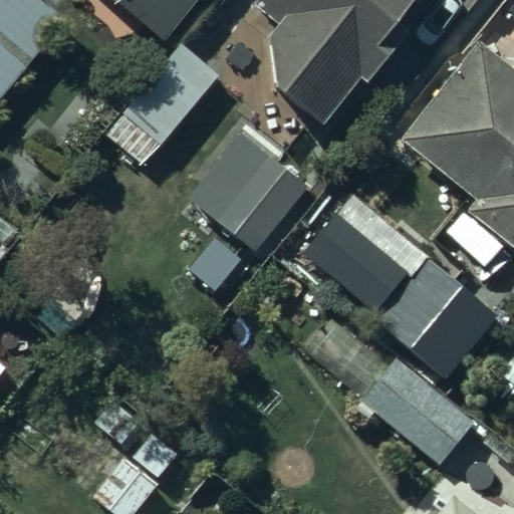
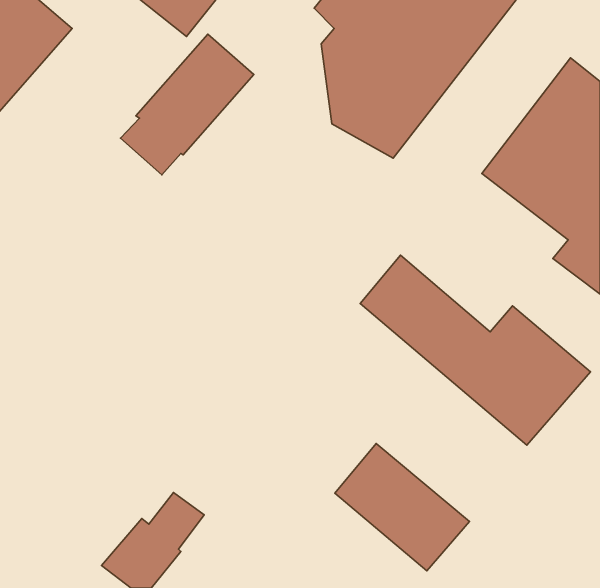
building: [182,116,306,247] -> none
building: [366,362,481,471] -> [335,443,469,571]

